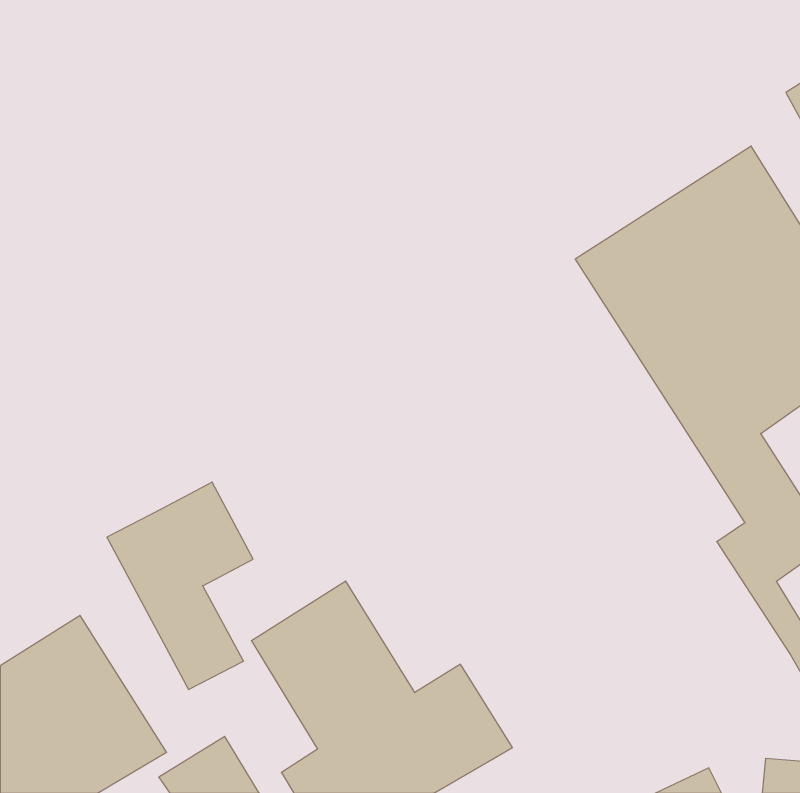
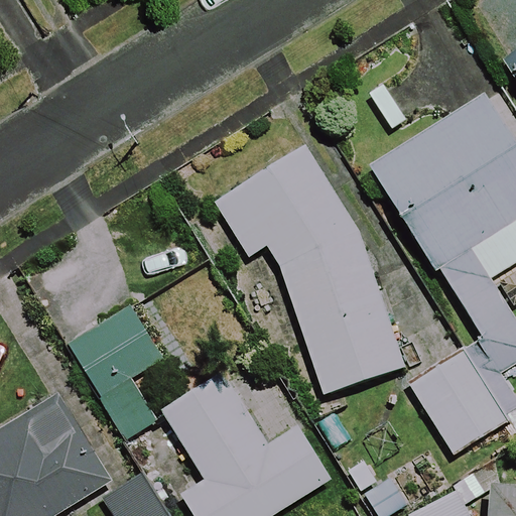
building: none -> [220,152,405,394]
building: none -> [408,348,509,455]

